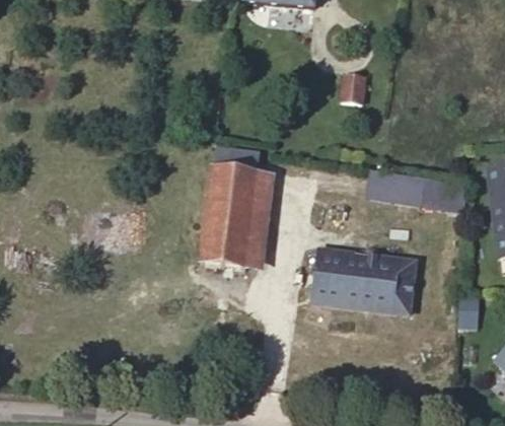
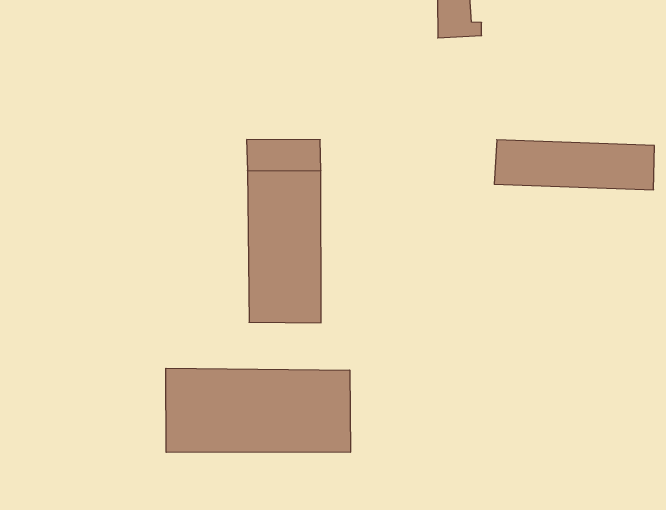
building: [311,247,416,313] -> none
building: none -> [166,368,350,452]

